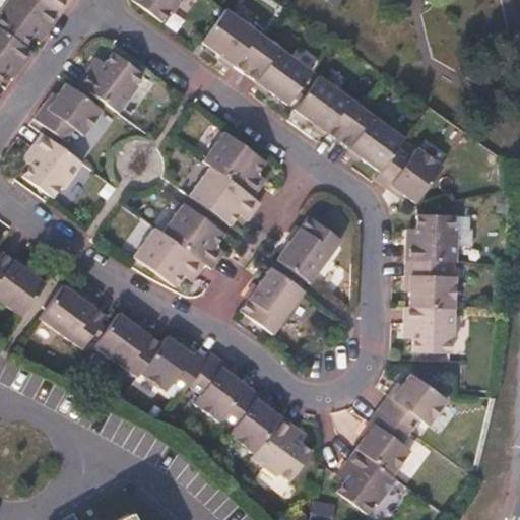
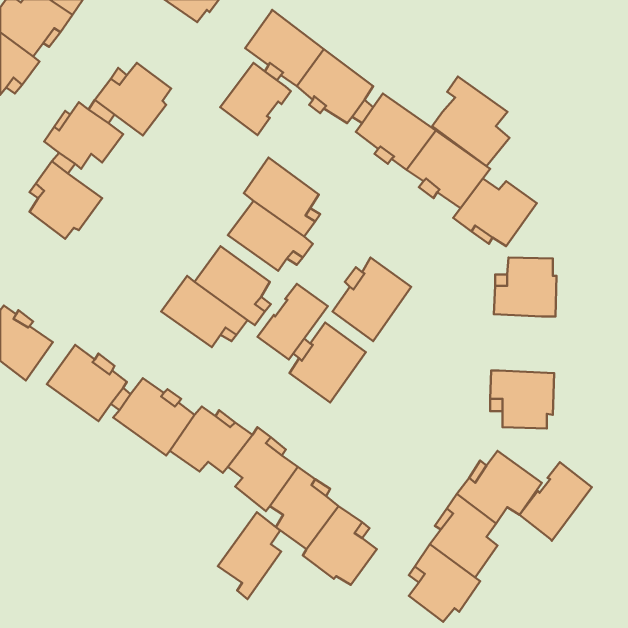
building: none -> [220,63,291,135]
building: none -> [432,76,509,166]
building: none -> [258,284,328,359]
building: [407,259,458,308] -> none
building: none -> [520,462,592,541]
building: none -> [218,512,281,599]

